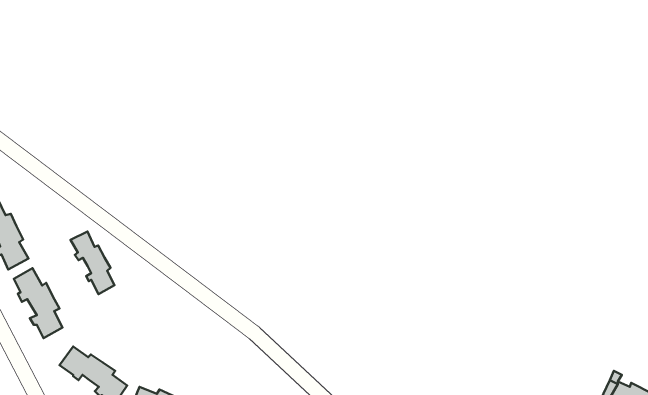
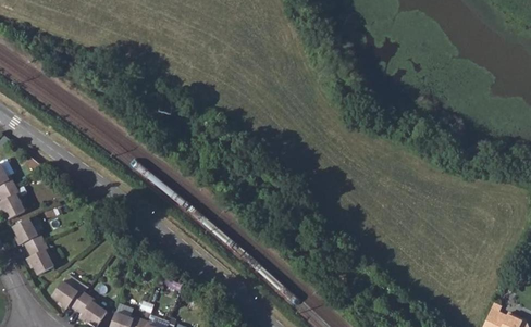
building: [71,232,115,294] -> none

